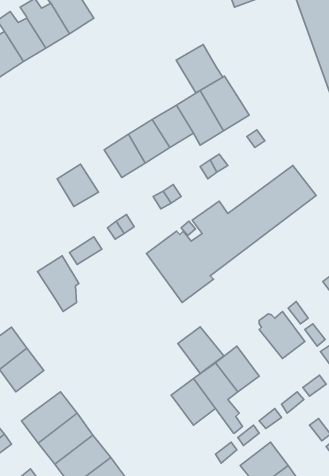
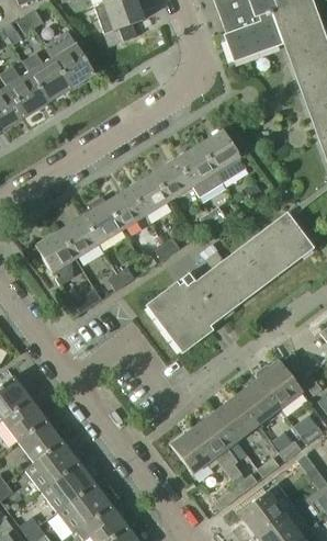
building: [176,44,223,93] -> none
building: none -> [81,196,122,244]
building: [38,256,79,312] -> [34,230,75,285]
building: [178,327,224,374] -> [235,379,280,425]
building: none -> [18,419,61,461]

